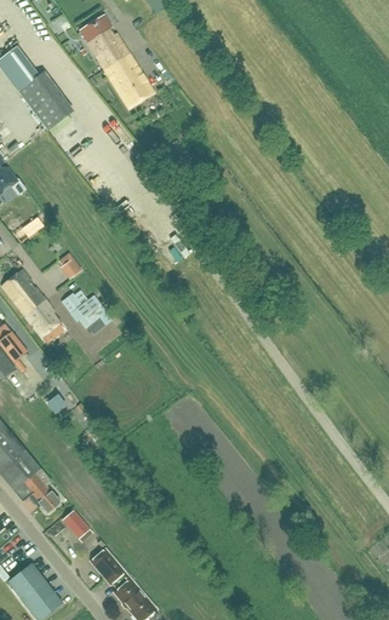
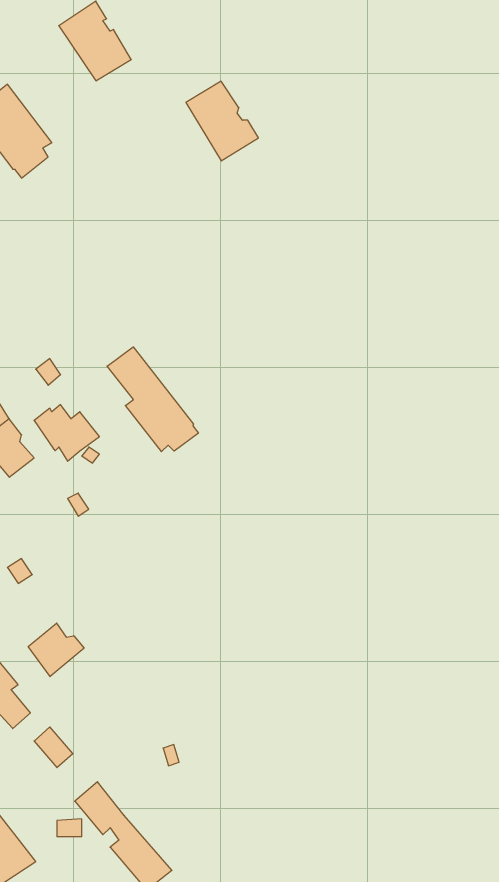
building: [104,53,154,108] -> [186,81,258,161]
building: none -> [107,347,198,452]
building: none -> [28,623,84,677]

